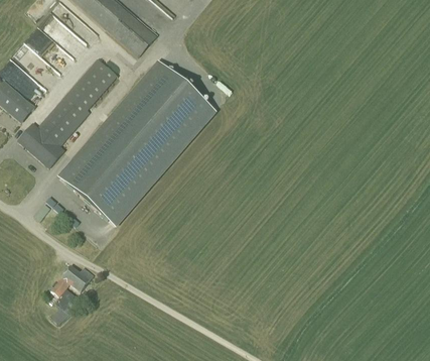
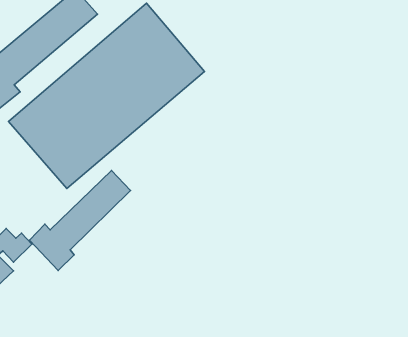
building: none -> [30,170,130,271]

